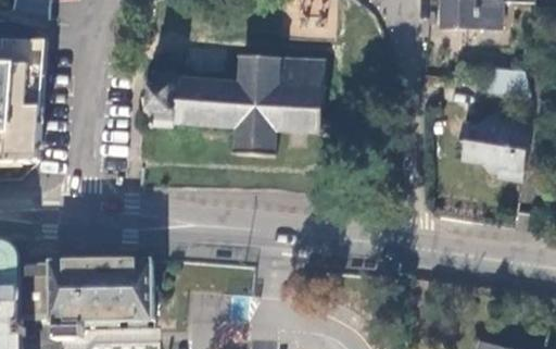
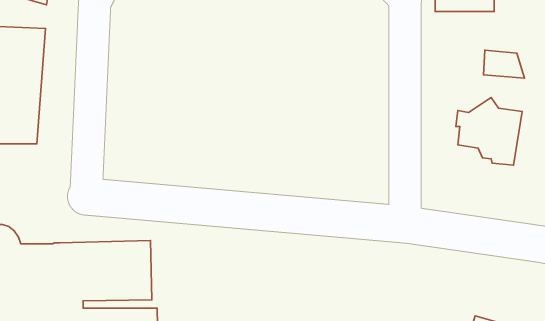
building: [143,52,327,155] -> none

